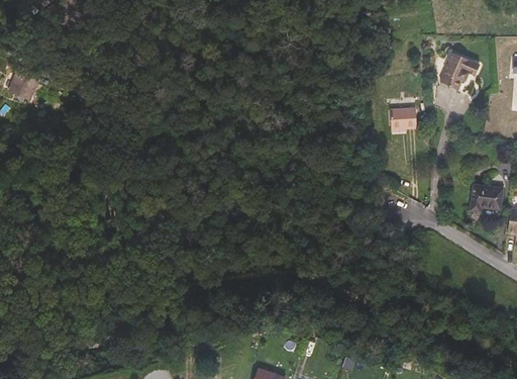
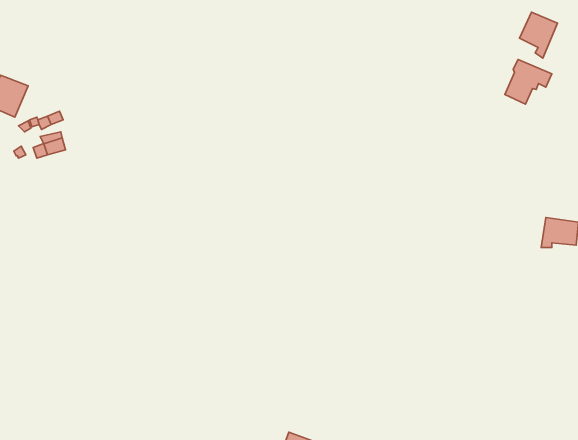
building: none -> [520,12,557,58]
building: [390,108,416,128] -> none

